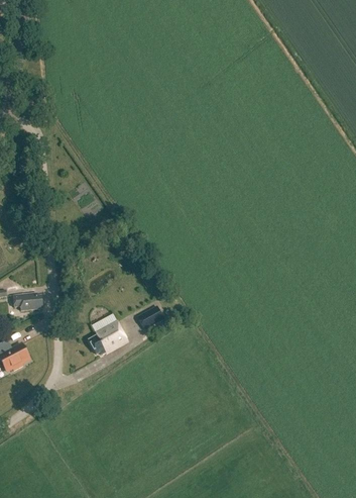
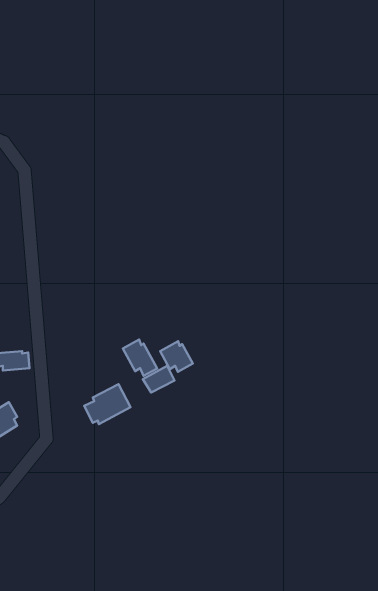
building: none -> [123,339,157,376]
building: none -> [160,341,193,372]

